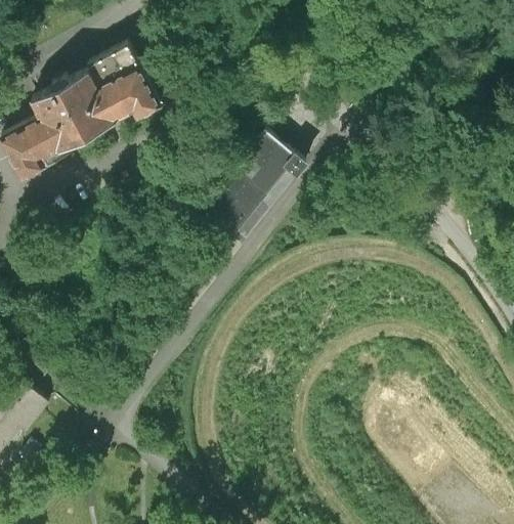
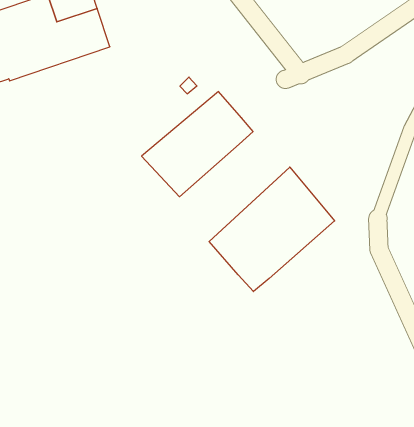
building: none -> [209,167,335,292]

